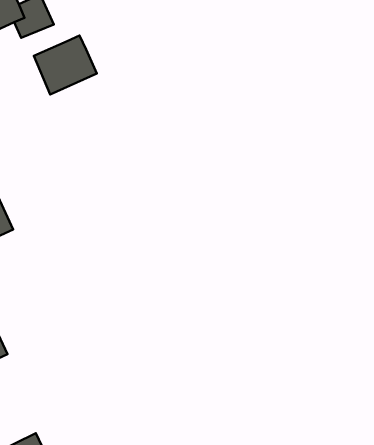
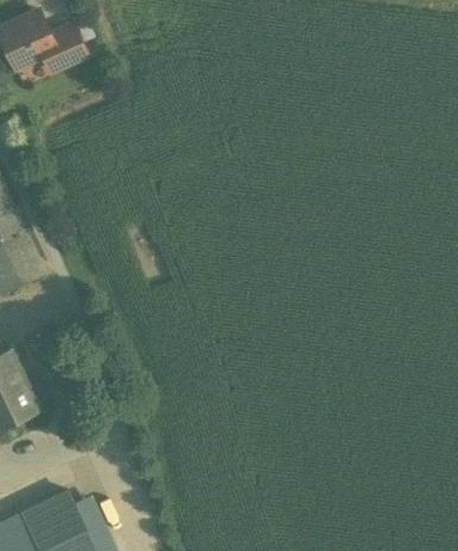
building: [34,36,97,94] -> none

